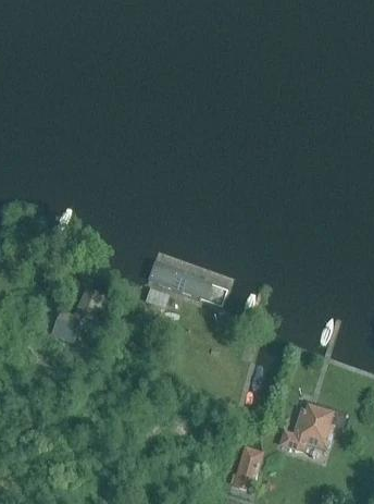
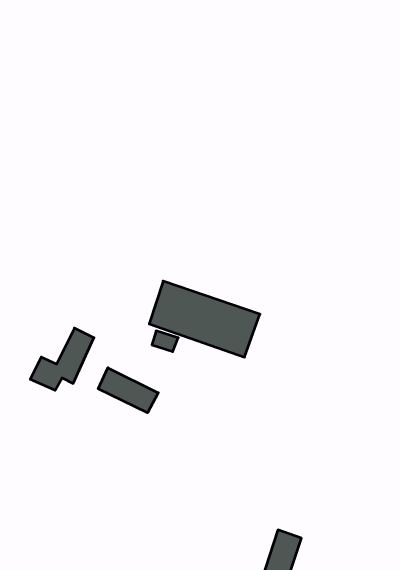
building: none -> [98,368,158,413]
building: [278,409,331,453] -> none

